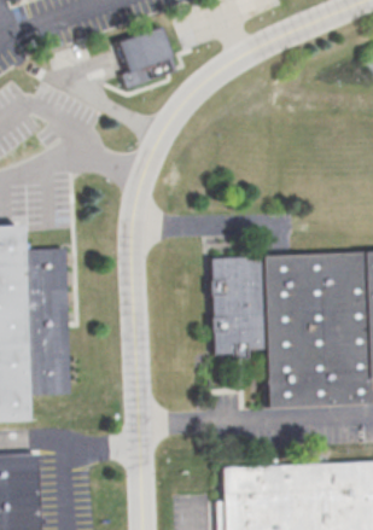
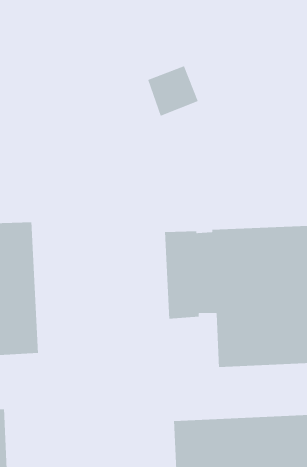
building: [118,29,175,86] -> [147,65,199,117]

